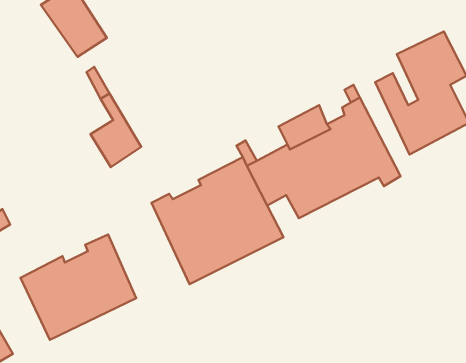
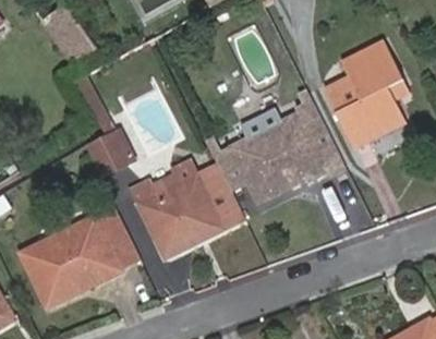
building: none -> [94,206,141,271]

